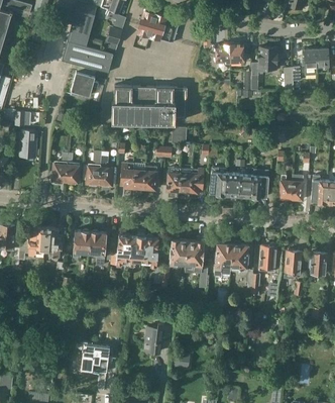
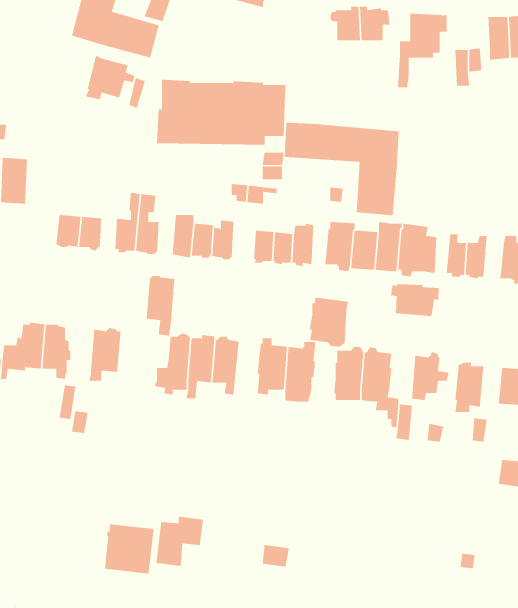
building: none -> [284,122,399,216]
building: none -> [391,283,439,317]
building: none -> [309,297,348,348]
building: [89,230,106,266] -> [146,275,175,336]
building: [144,323,173,352] -> [155,516,204,566]

